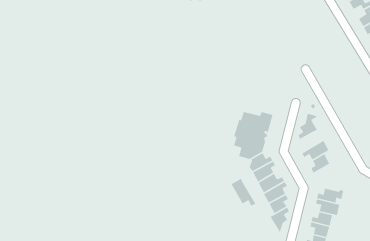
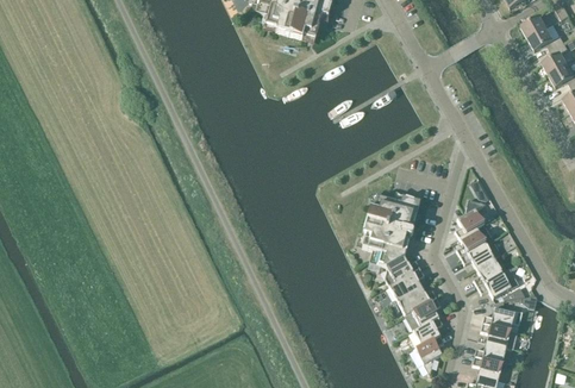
building: none -> [455,223,492,256]
building: none -> [476,267,517,296]
building: [231,178,256,207] -> none

